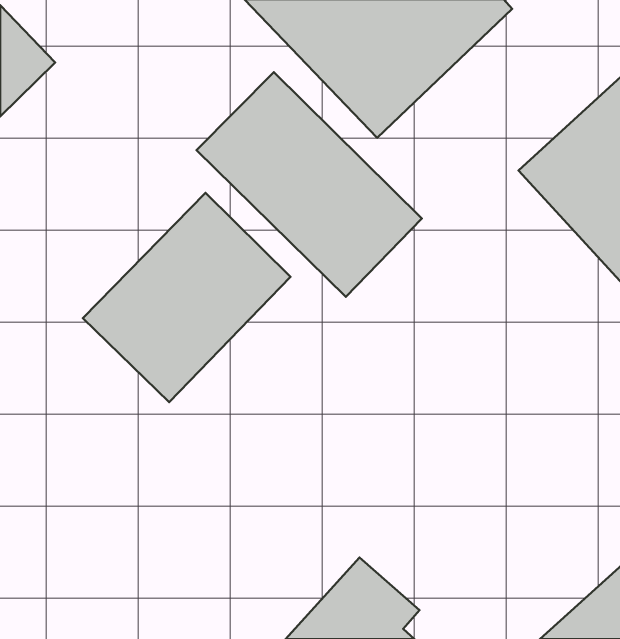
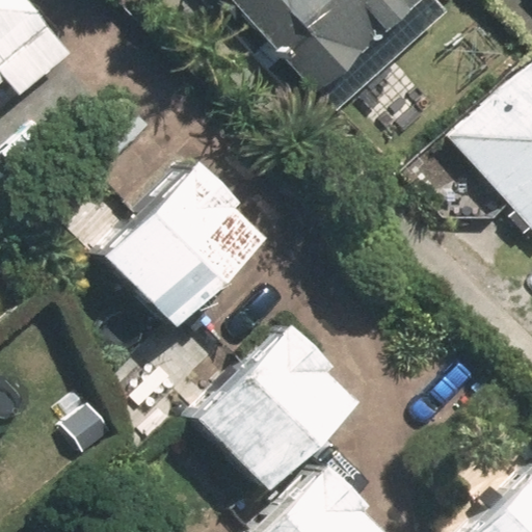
building: [196,72,422,297] -> none
building: none -> [161,325,351,496]

